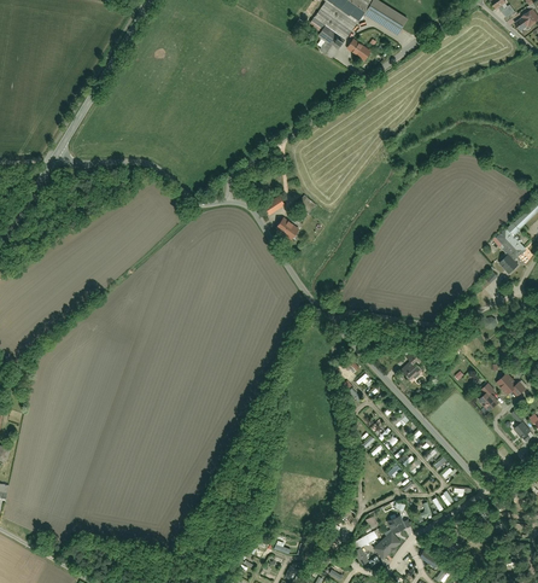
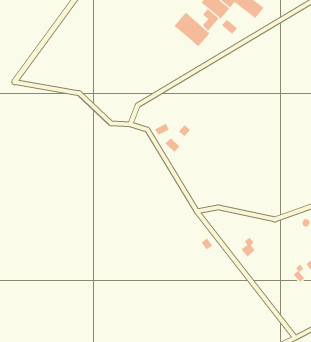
building: none -> [174,12,210,47]

